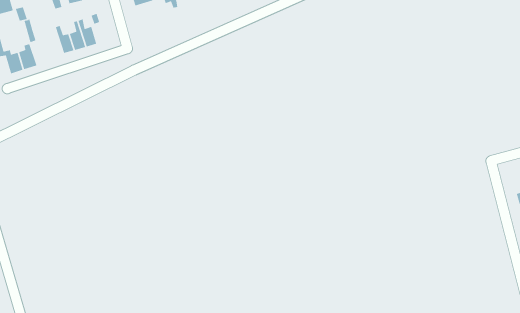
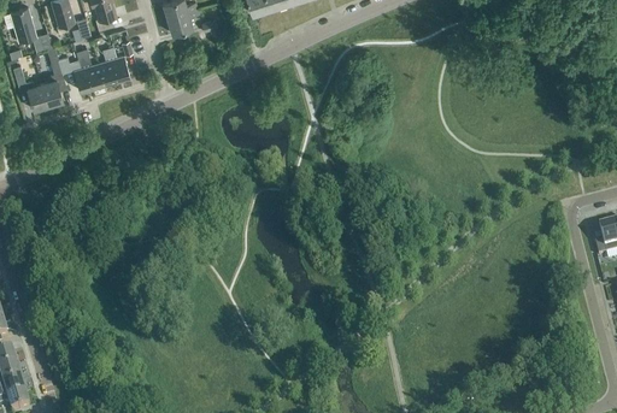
building: none -> [58,58,92,92]

